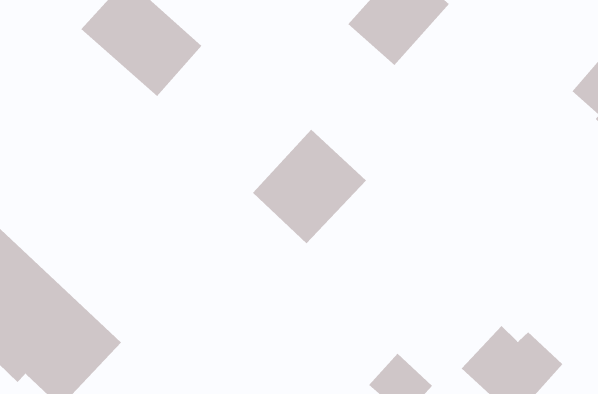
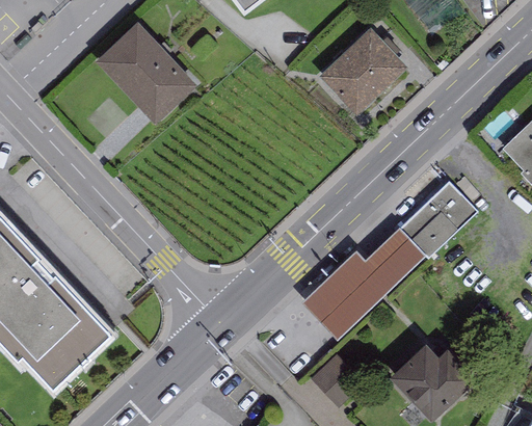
building: [252,129,367,244] -> none
building: none -> [300,185,478,346]

